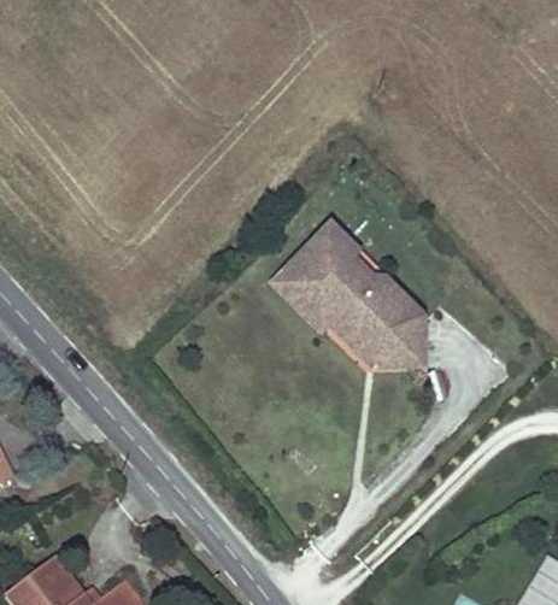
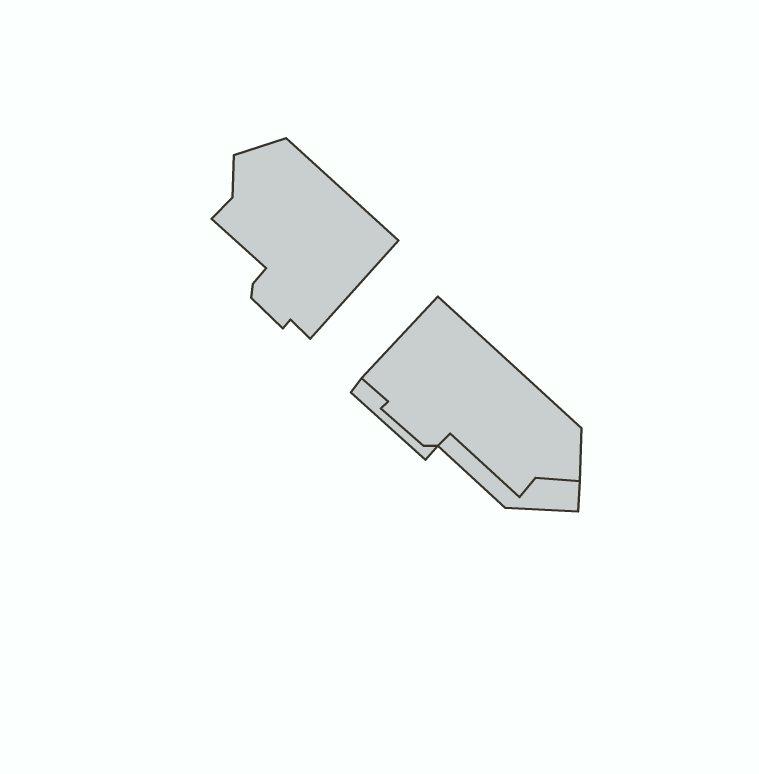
building: none -> [212,138,399,339]

